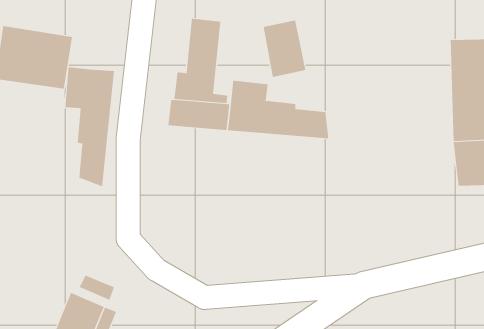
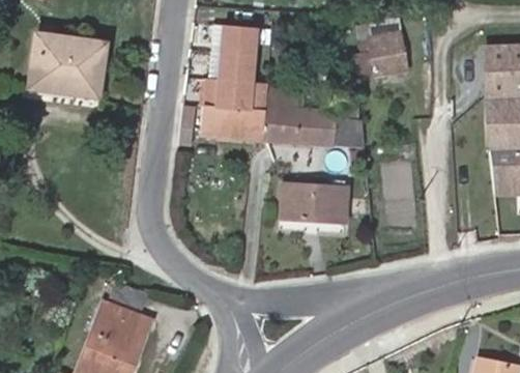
building: [263,20,306,77] -> [365,19,408,77]
building: [65,67,115,187] -> none
building: none -> [280,183,348,222]

